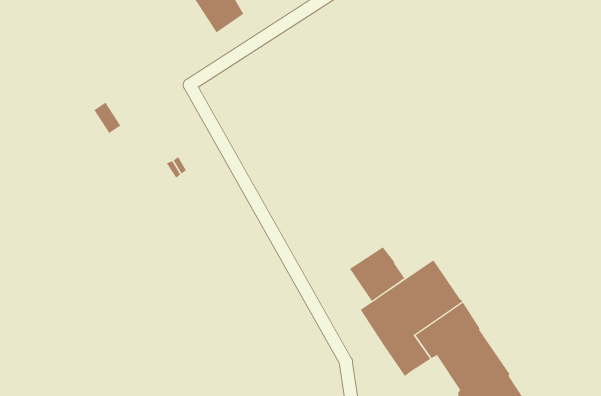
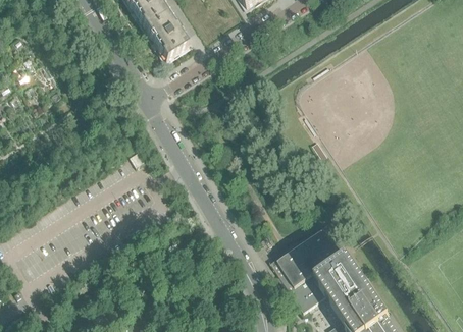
building: [349,247,405,302] -> none

